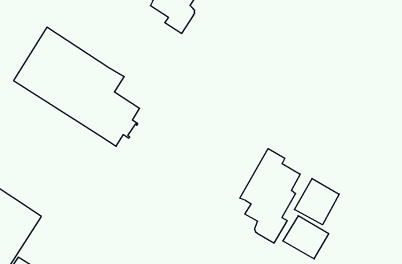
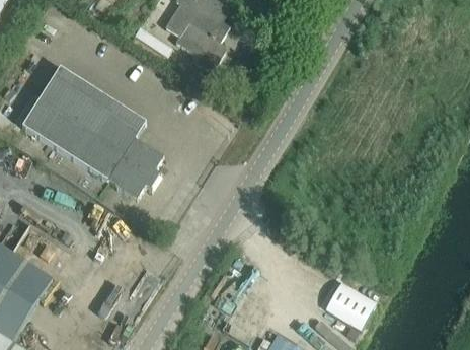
building: [240,149,300,243] -> none
building: [294,178,339,225] -> none

